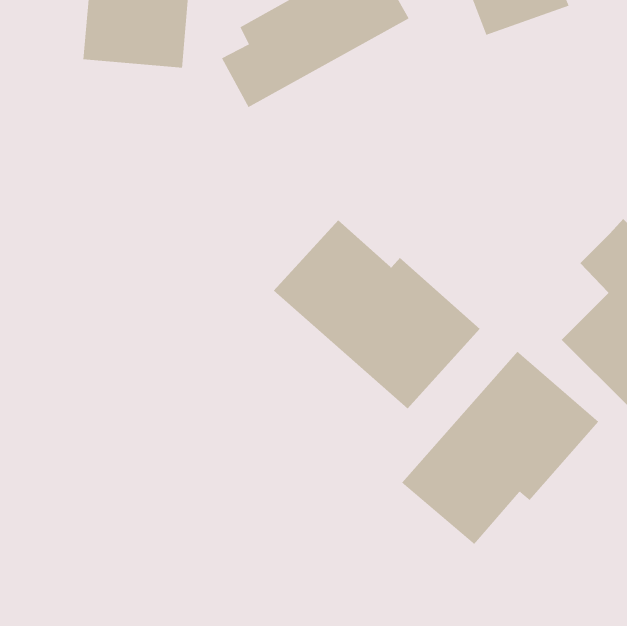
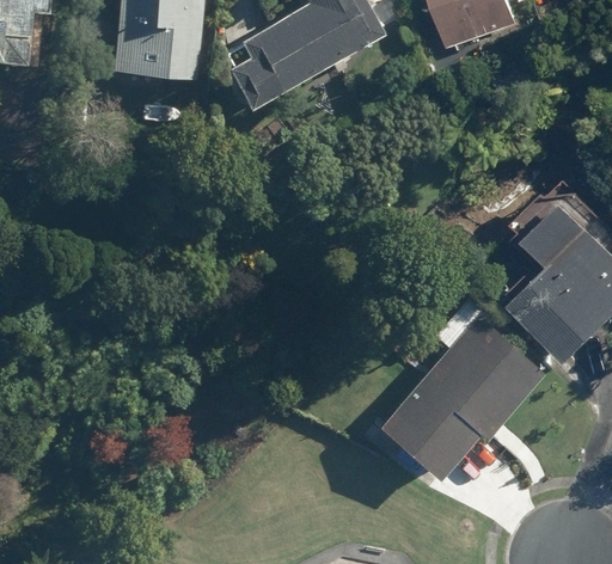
building: [273,219,480,410] -> none

